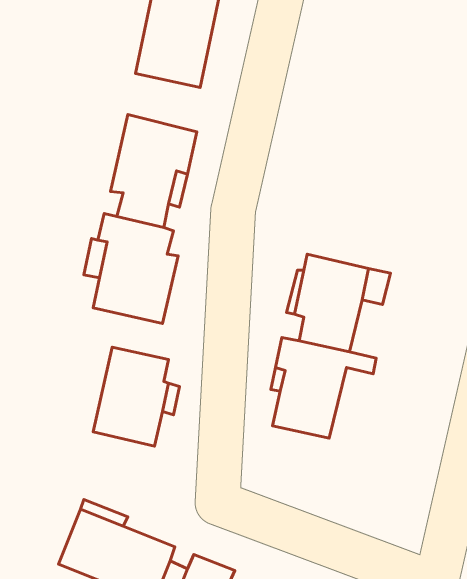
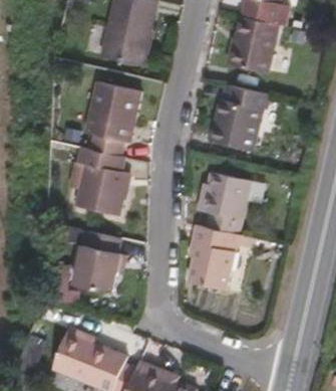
building: none -> [231,16,280,73]
building: none -> [210,83,269,150]

